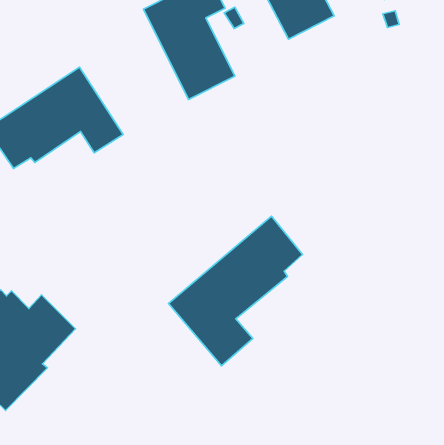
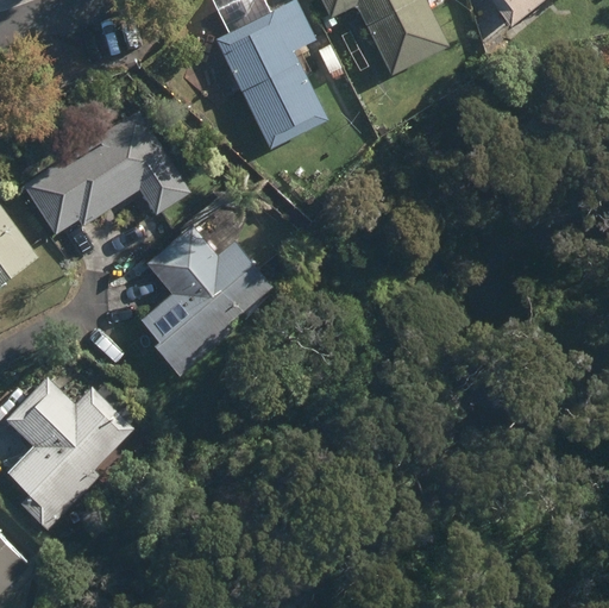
building: none -> [140,225,271,377]
building: [168,216,303,366] -> none

